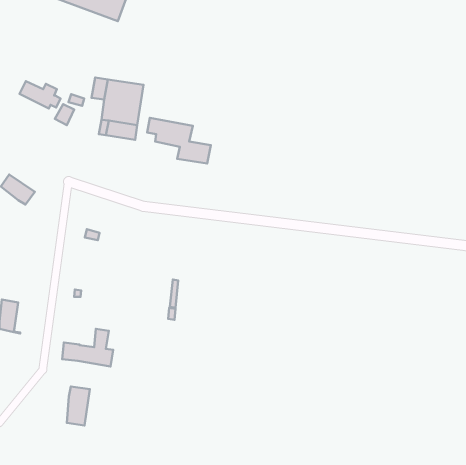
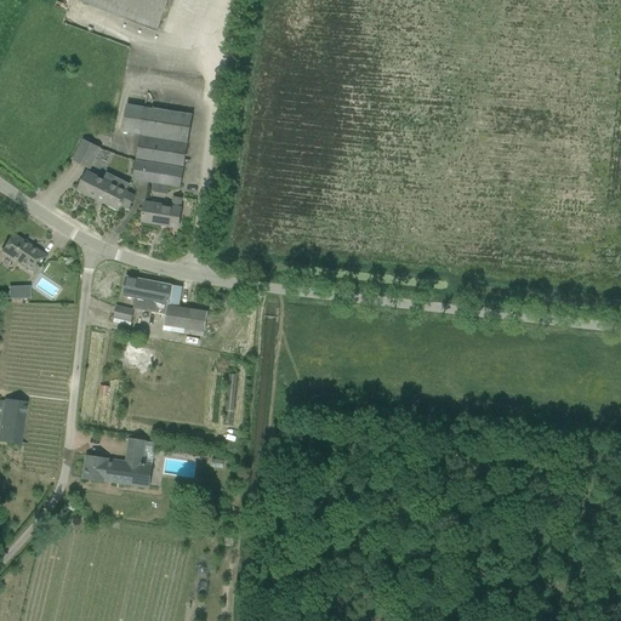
building: [19,81,61,108] -> [78,171,132,207]
building: [147,118,211,163] -> [121,274,206,335]
building: none -> [141,195,181,226]
building: [67,387,90,425] -> none

